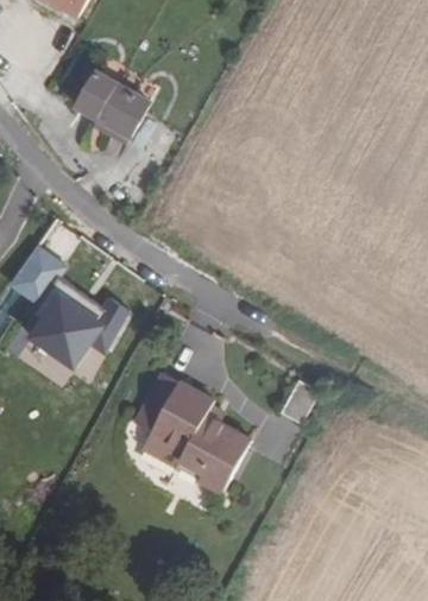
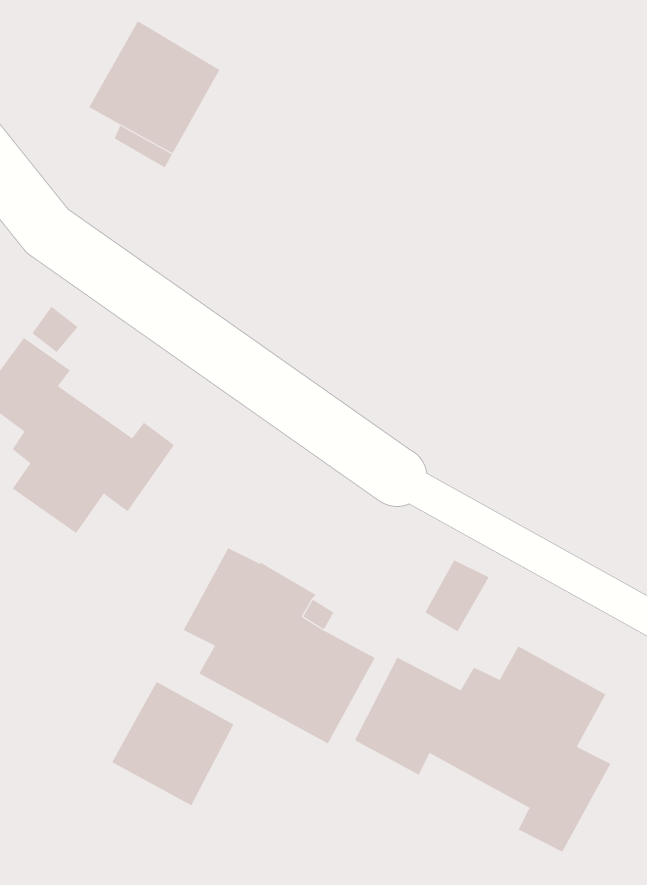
building: none -> [354,646,611,853]
building: none -> [111,681,234,806]

